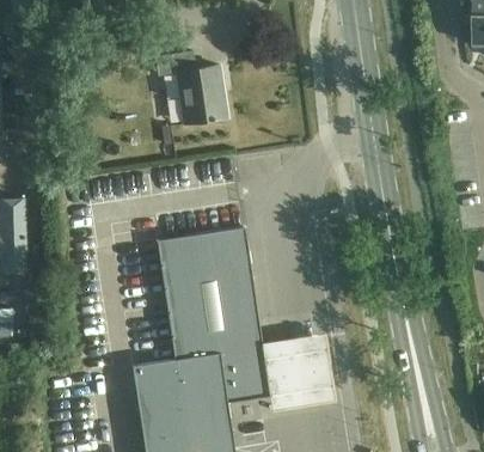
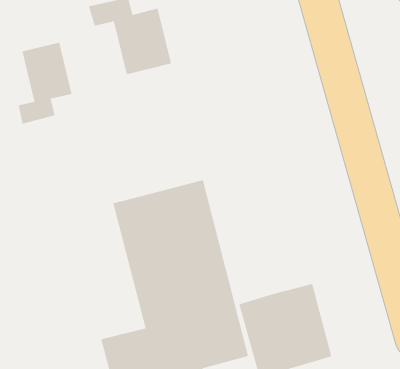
building: none -> [18,42,72,124]

